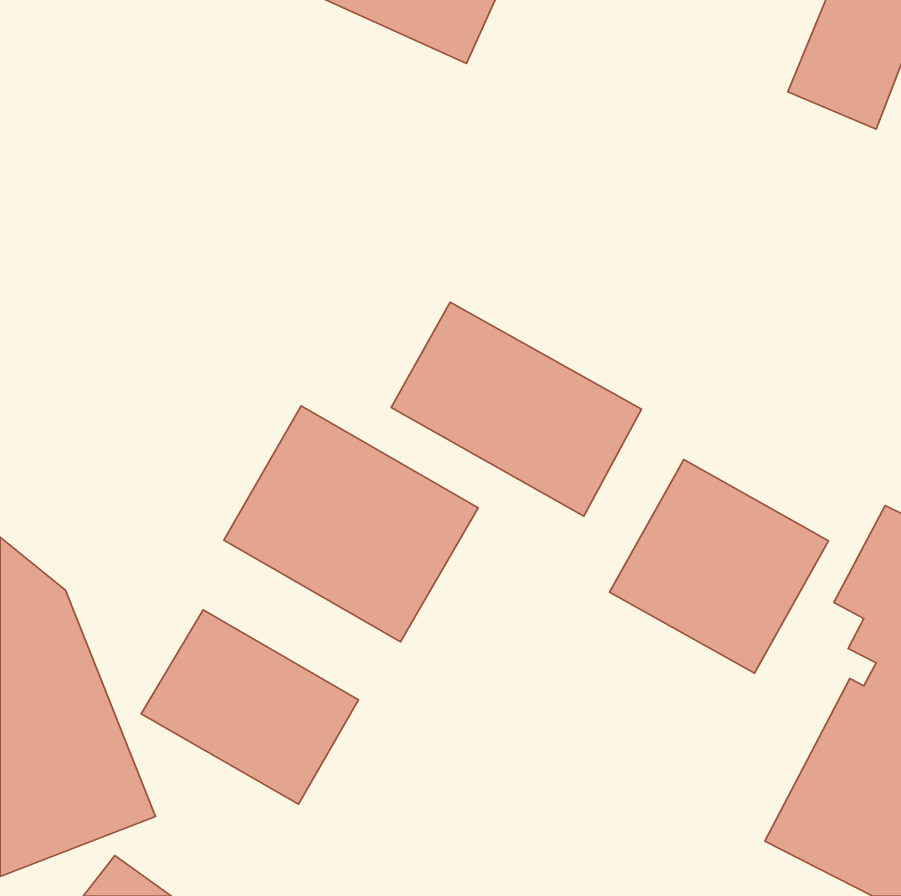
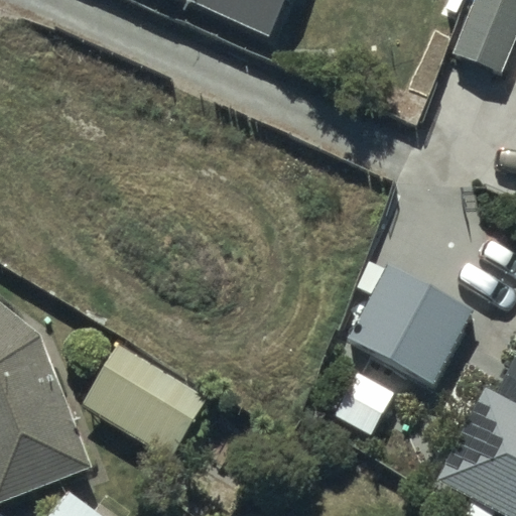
building: [391,302,642,516] -> none
building: [224,406,478,642] -> none

